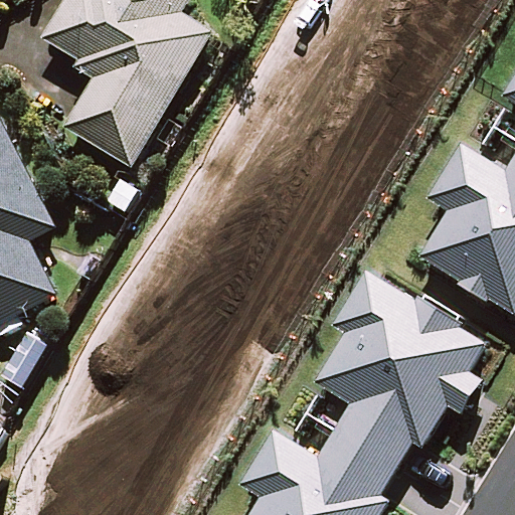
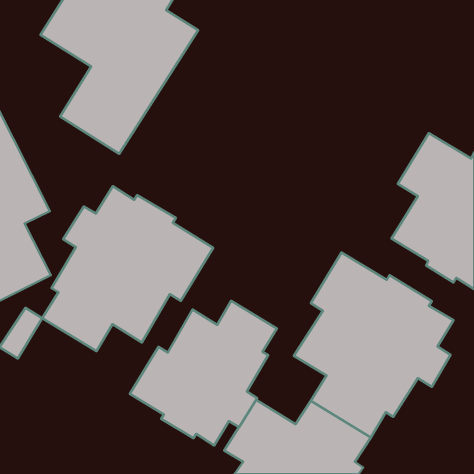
building: none -> [42,186,213,351]
building: none -> [130,301,277,445]

